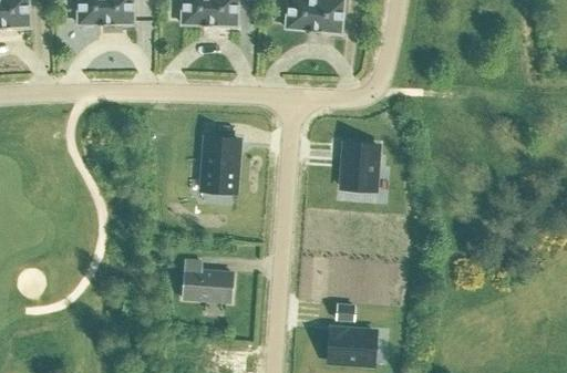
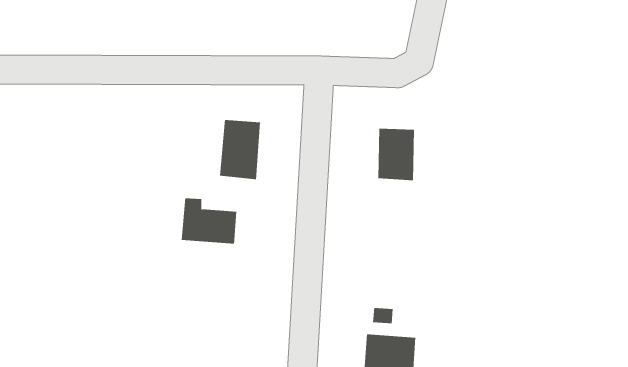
building: [183,260,233,301] -> [181,198,237,244]

